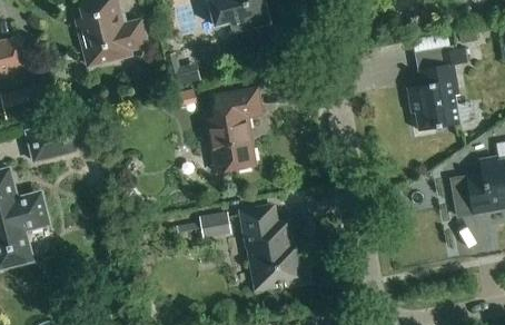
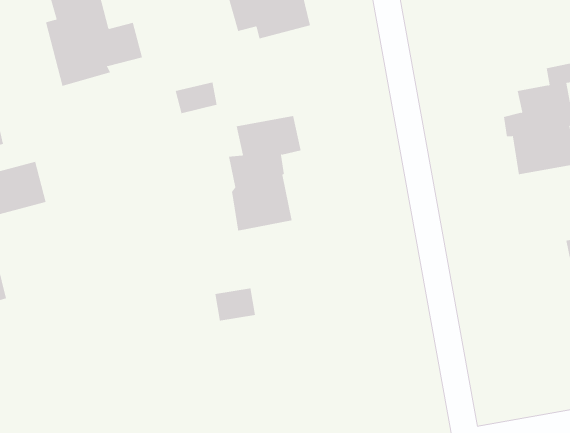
building: [240,205,307,285] -> none

